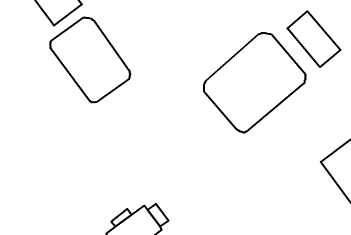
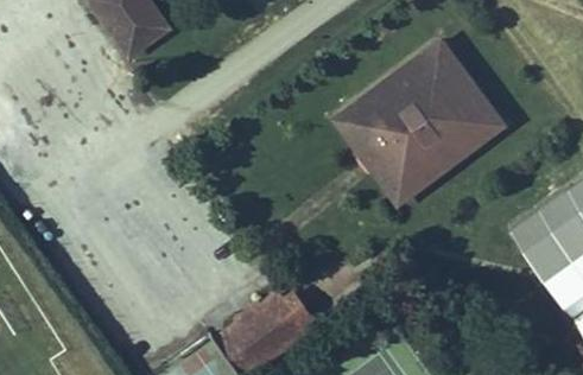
building: [287,11,341,67] -> none
building: [50,17,130,102] -> none

